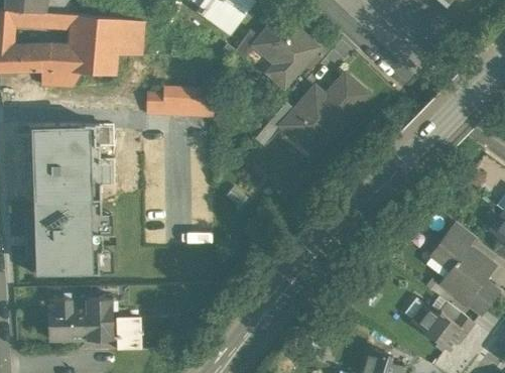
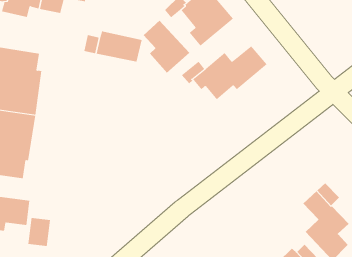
building: none -> [143,20,190,73]

